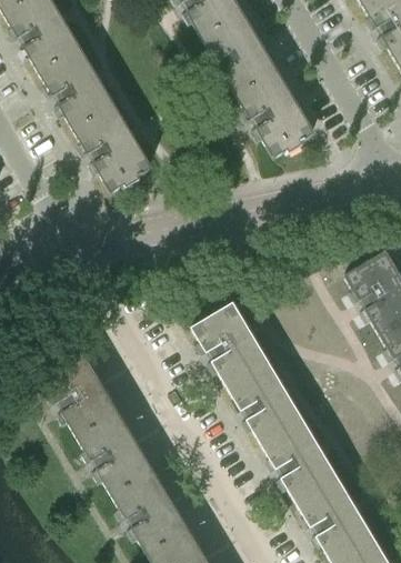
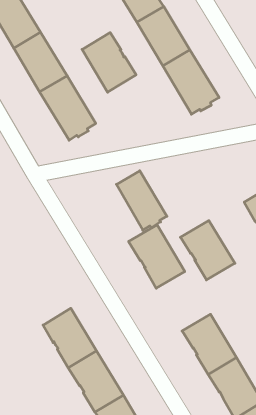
building: none -> [82,33,136,92]
building: none -> [116,171,167,230]
building: [44,353,117,436] -> none
building: [230,365,302,444] -> [180,221,235,280]

